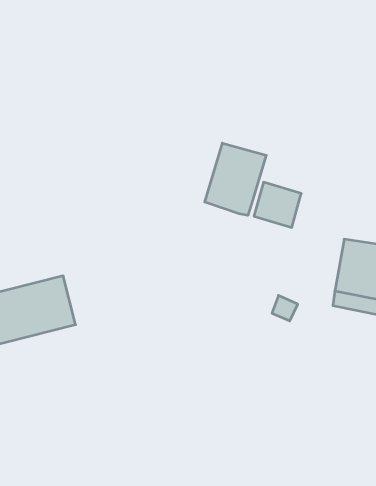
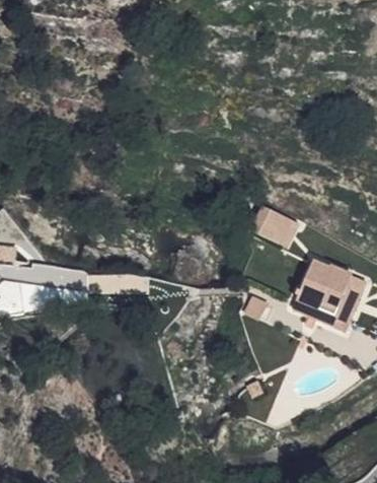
building: [205,143,266,215] -> none

